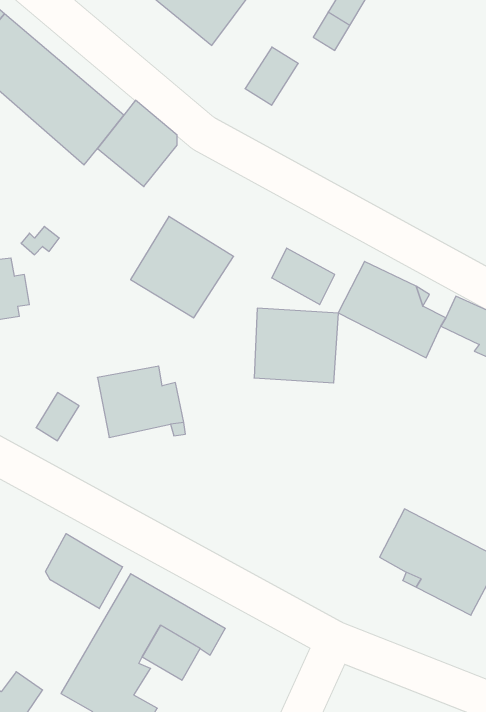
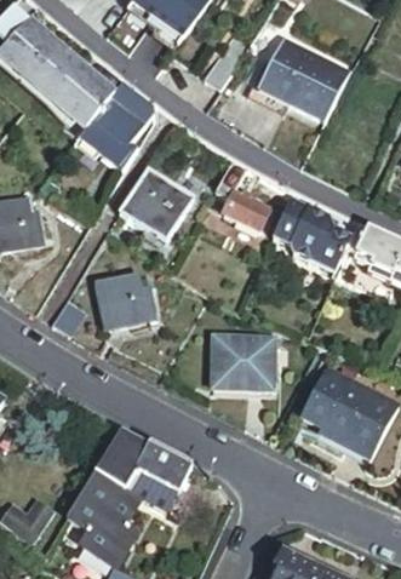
building: none -> [264,44,350,122]
building: none -> [81,117,134,171]
building: [254,308,339,383] -> [211,334,273,389]
building: [46,534,123,609] -> none

